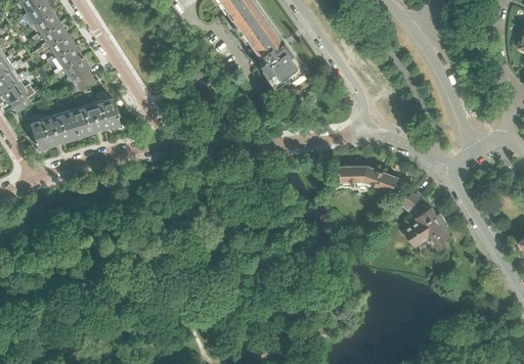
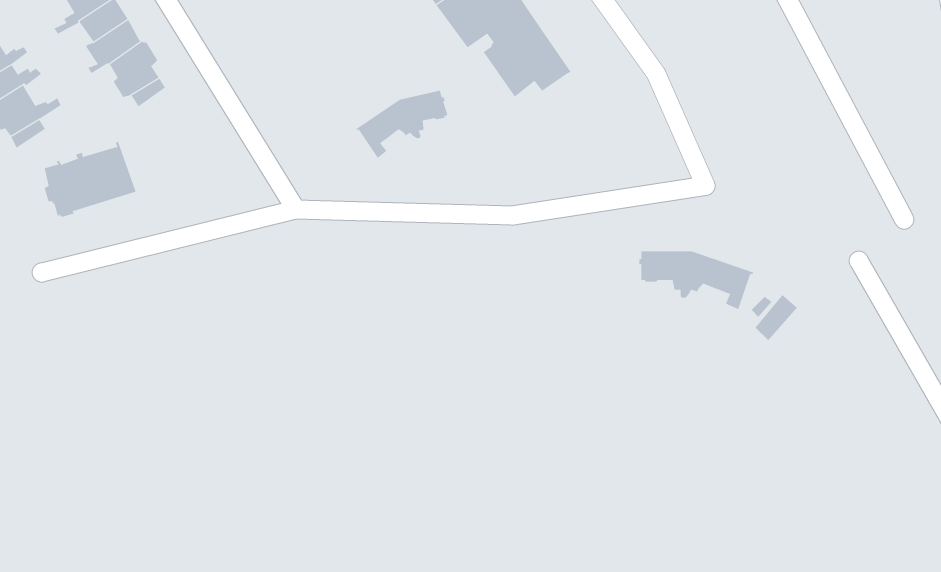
building: none -> [355,90,448,159]
building: [69,97,119,135] -> none
building: [404,204,449,248] -> none

